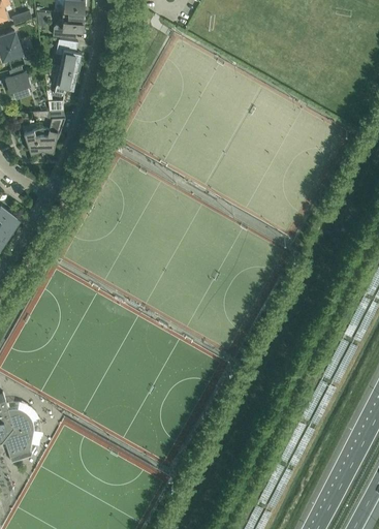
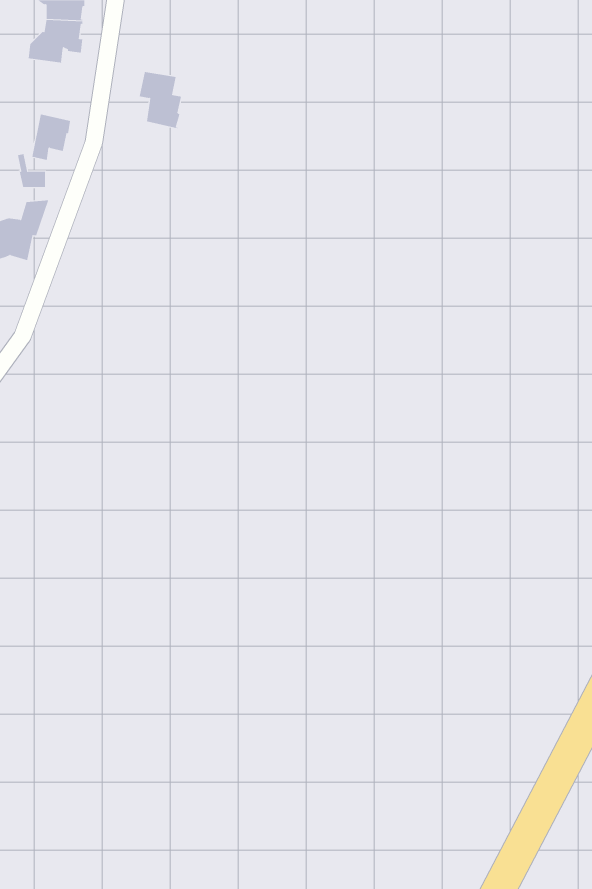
building: [56,39,81,72] -> [139,71,182,129]

